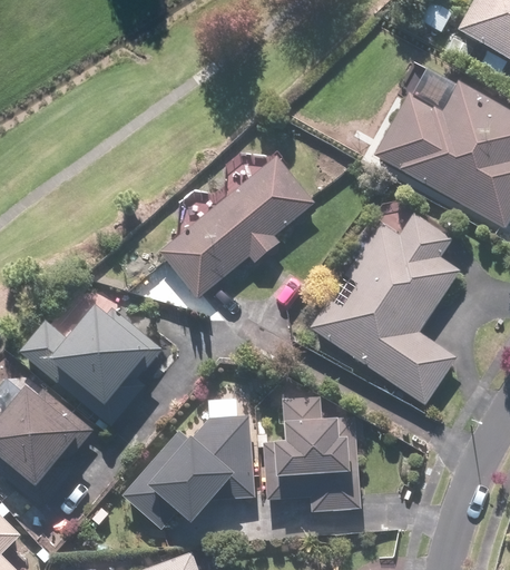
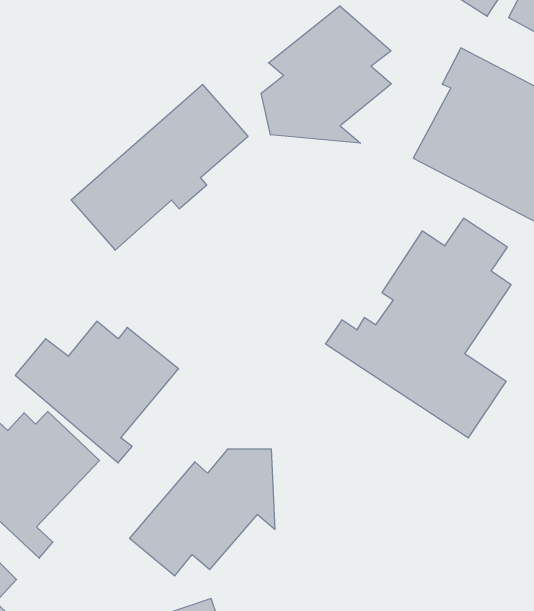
building: none -> [261,6,391,143]
building: [160,154,317,301] -> [71,85,248,250]
building: [262,395,364,511] -> none

